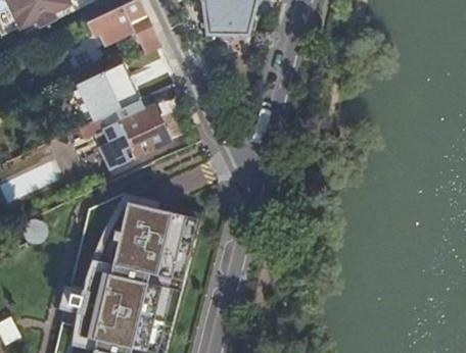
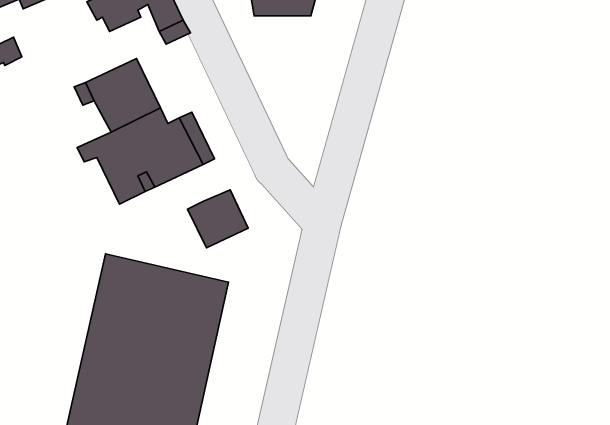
building: none -> [188,190,248,248]

